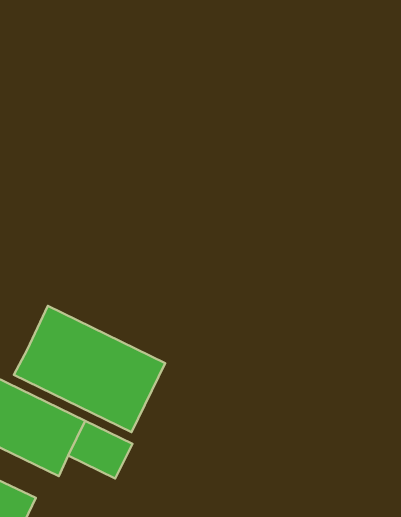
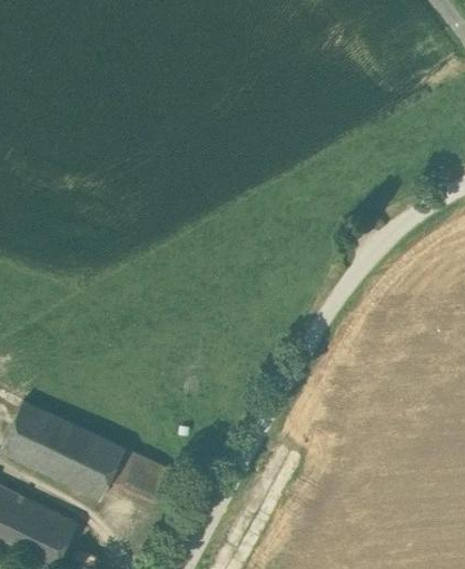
building: [14,306,165,432] -> none

